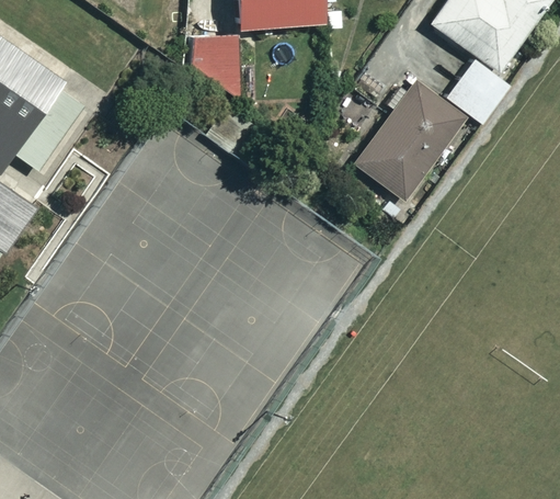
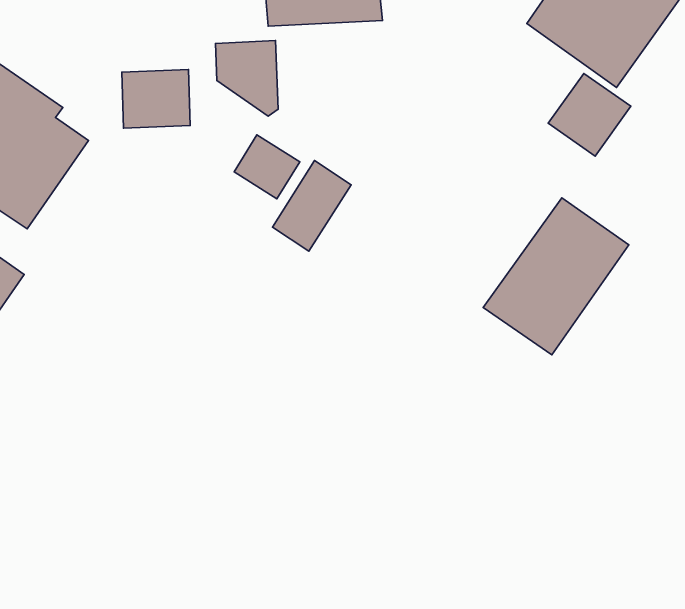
building: none -> [122,70,190,128]
building: [353,80,465,201] -> [483,198,629,355]
building: none -> [272,161,351,251]

